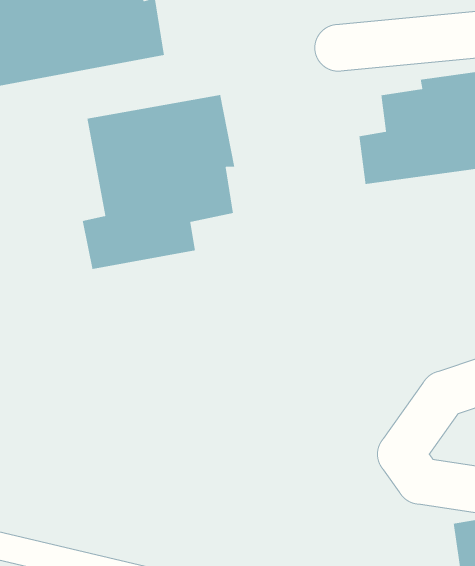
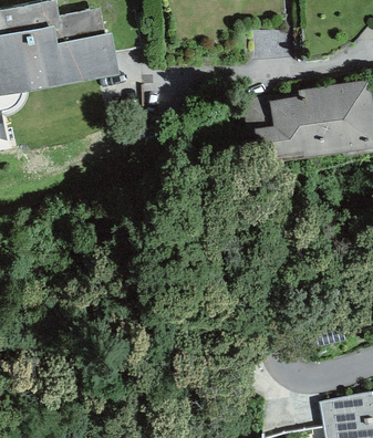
building: [82,94,235,270] -> none

